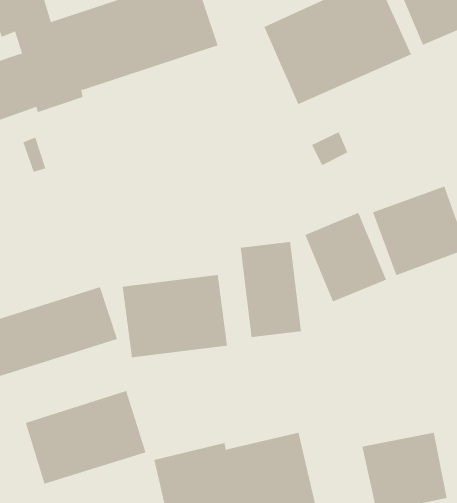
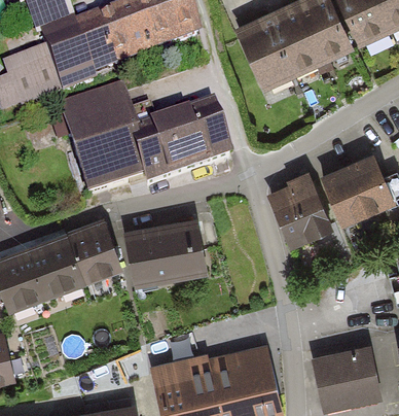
building: none -> [62,88,231,197]
building: [240,241,302,338] -> none
building: [25,390,146,485] -> none

